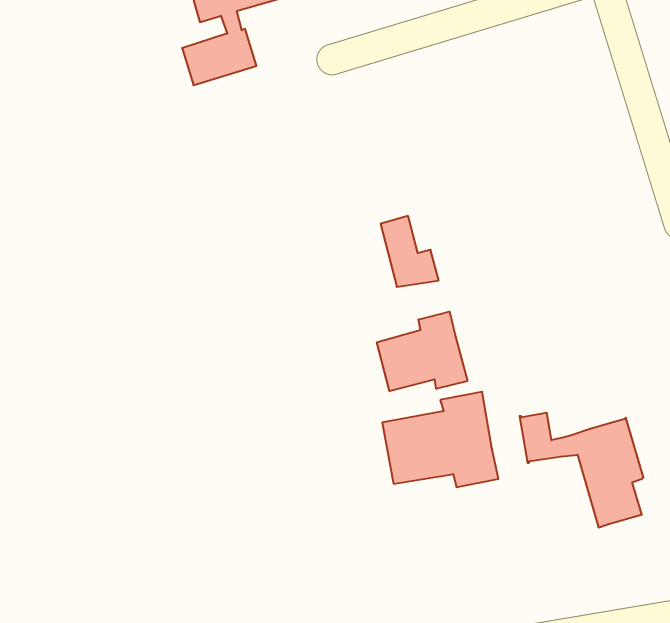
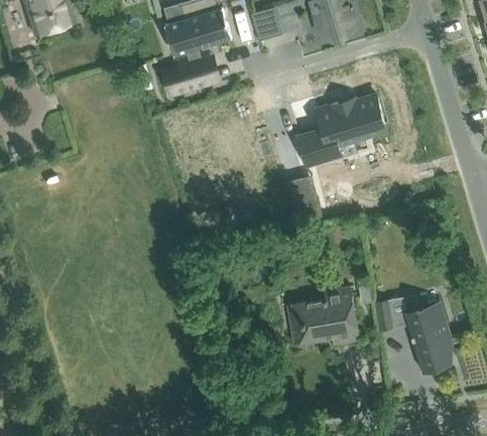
building: none -> [298,95,386,165]
building: [377,312,467,391] -> none

